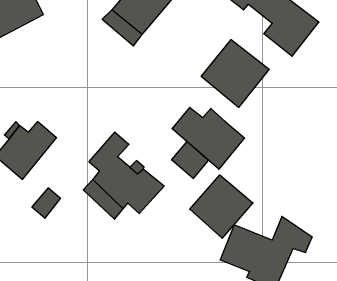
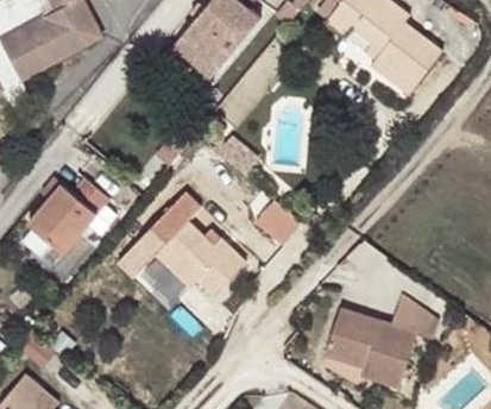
building: [201,40,269,107] -> none
building: [172,107,245,169] -> none
building: [190,175,253,238] -> none

